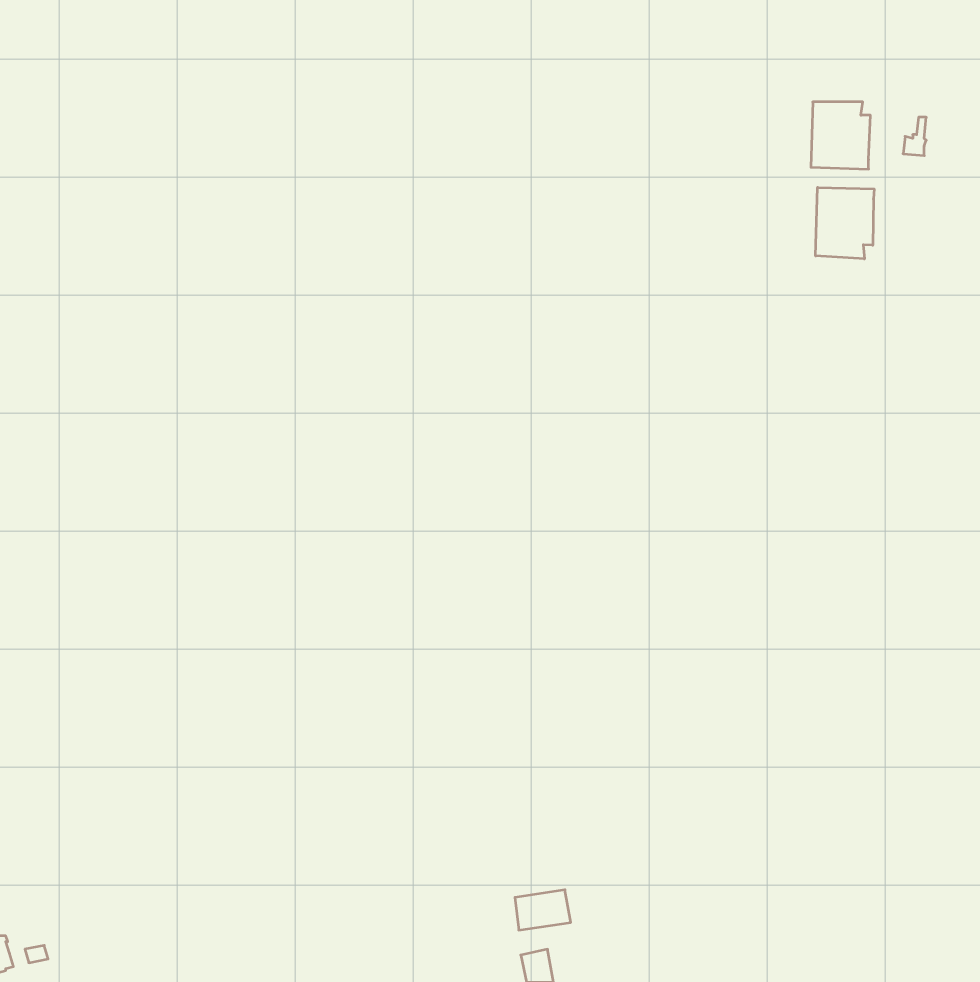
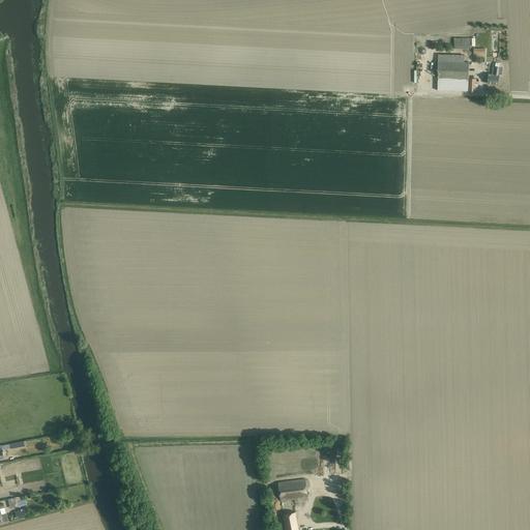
building: [816,187,874,259] -> none

